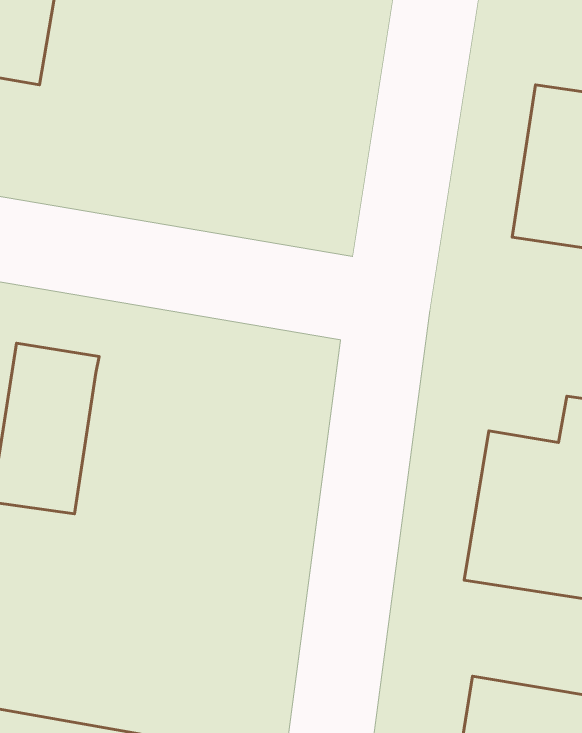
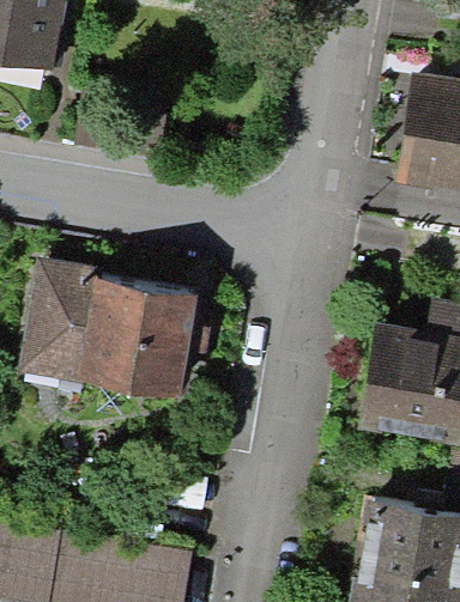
building: none -> [78,279,199,397]

